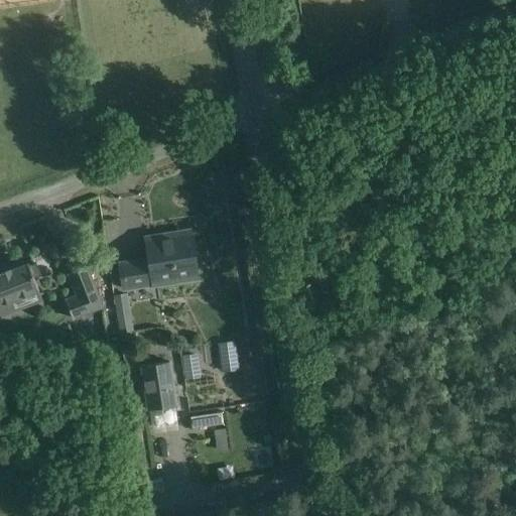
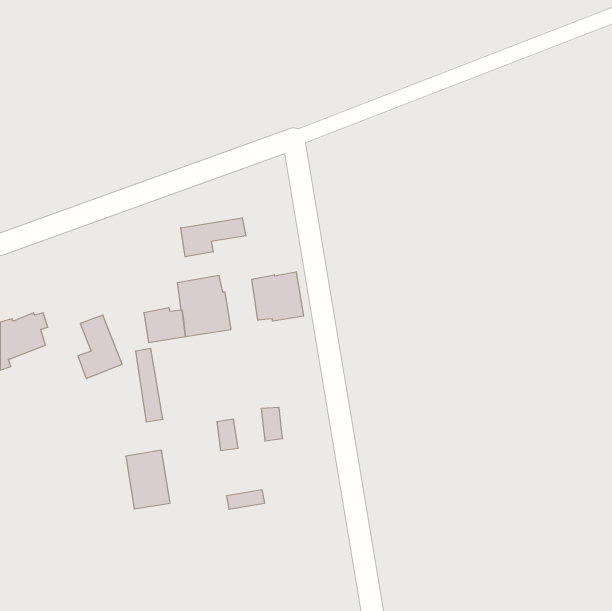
building: none -> [181,218,246,257]
building: none -> [252,272,303,321]
building: [140,362,177,411] -> [126,450,170,509]

